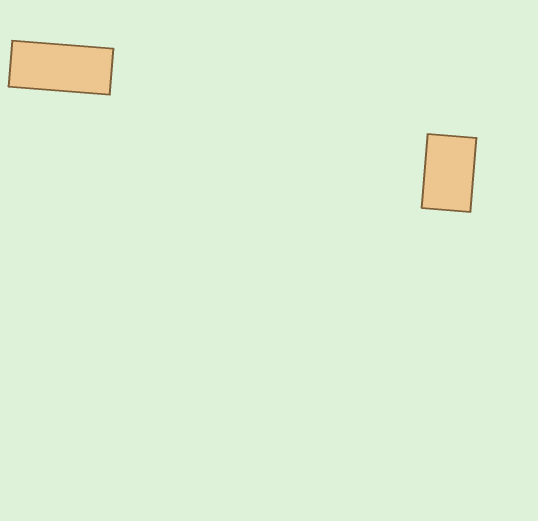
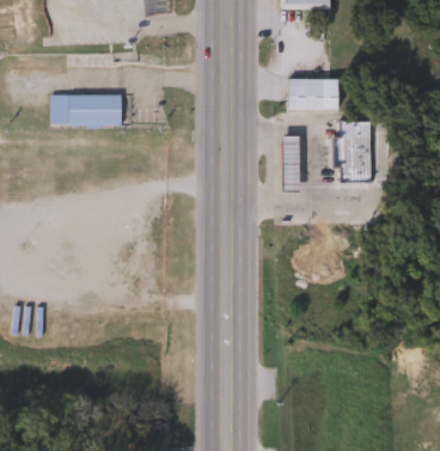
building: none -> [289,79,338,109]
building: none -> [282,135,299,190]

